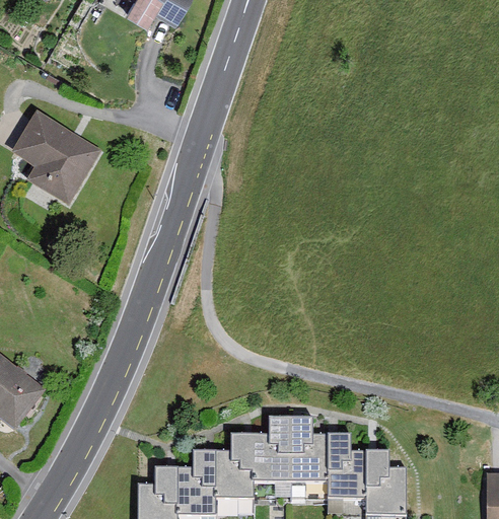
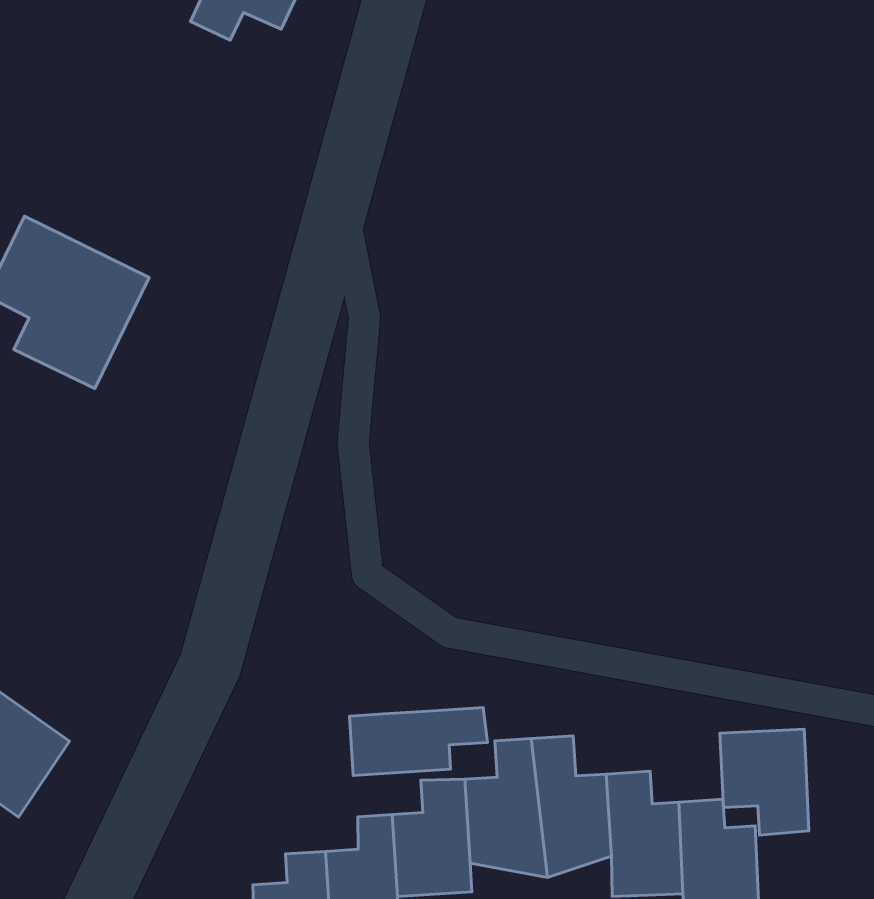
building: none -> [349,708,488,775]
building: none -> [720,729,809,835]

